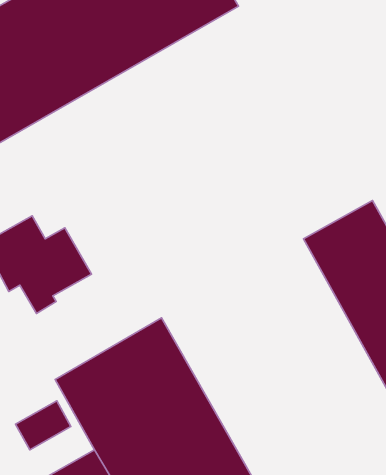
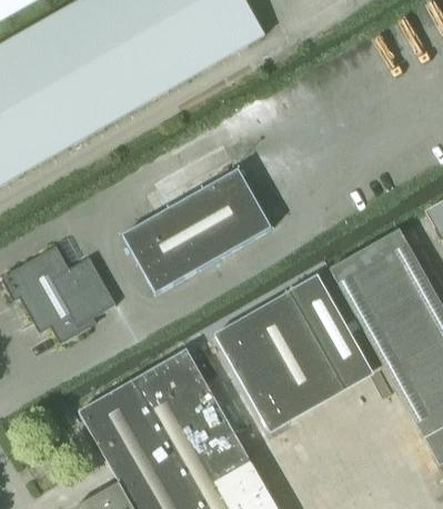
building: none -> [122,169,272,293]
building: none -> [213,273,371,431]
building: [16,401,71,450] -> none

